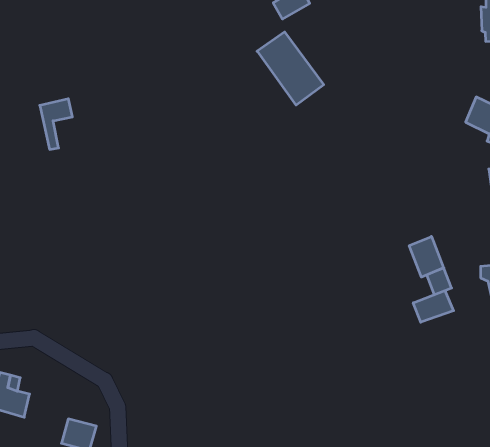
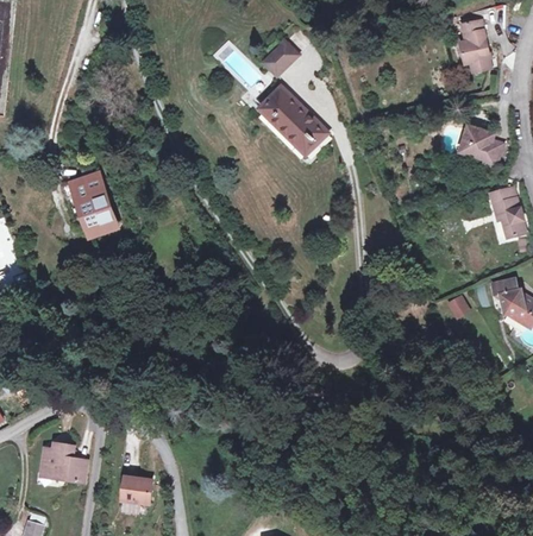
building: none -> [74,171,117,237]
building: [409,236,444,277] -> none
building: [413,291,454,322] -> none

